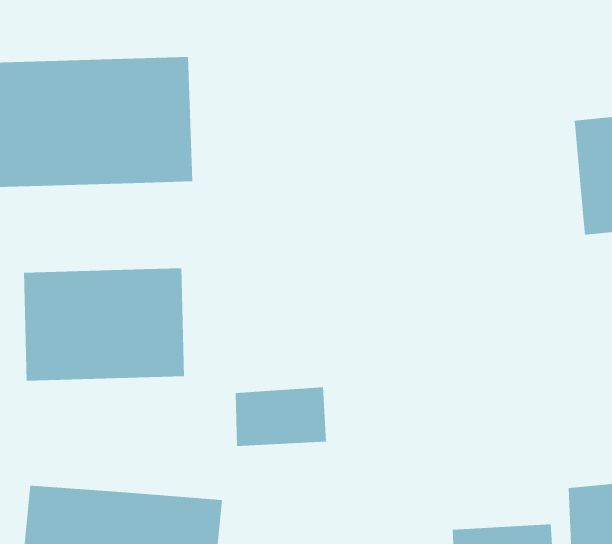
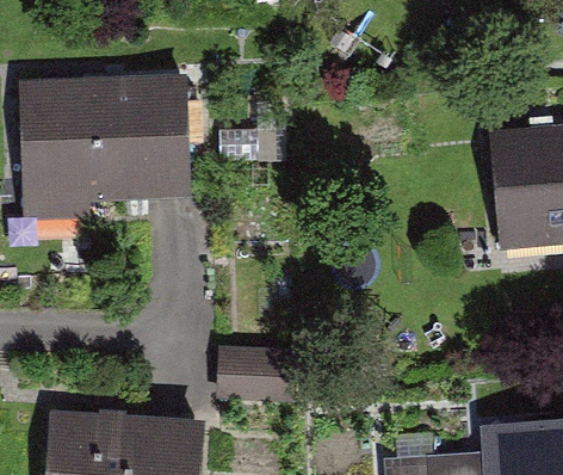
building: [23,267,185,382] -> none

